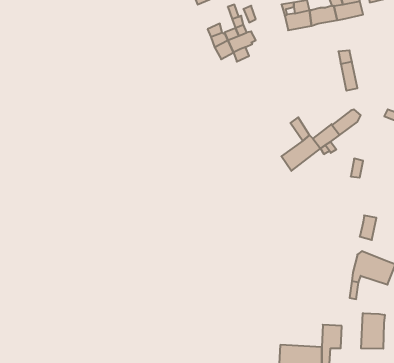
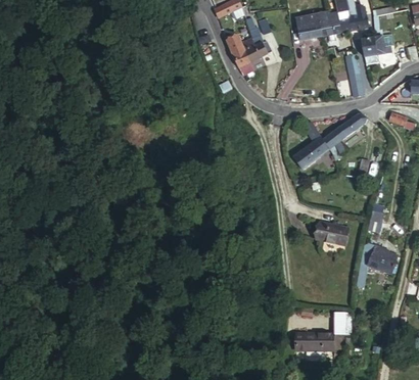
building: none -> [362,37,384,65]
building: none -> [318,221,350,243]
building: [361,313,385,349] -> none

